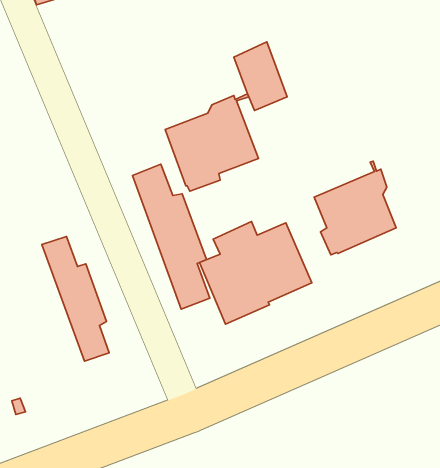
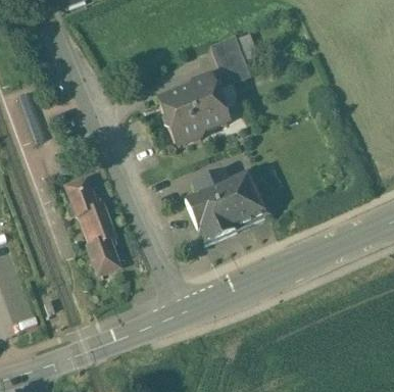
building: [314,161,396,255] -> none
building: [132,164,210,309] -> none

